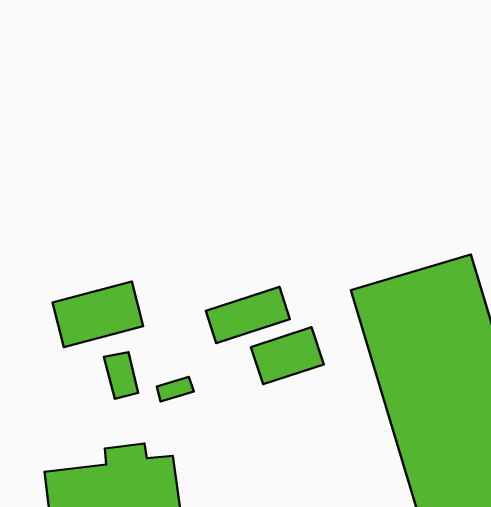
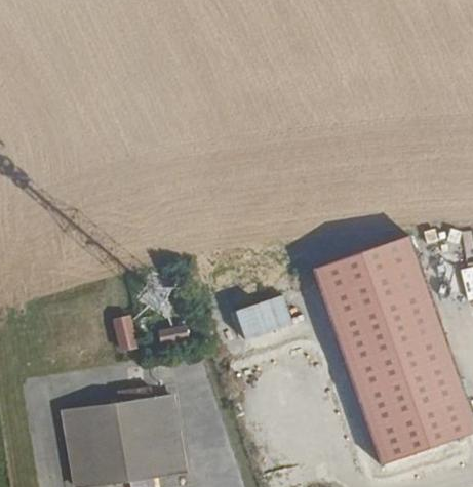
building: [52,282,143,347] -> none
building: [206,287,290,343] -> none

